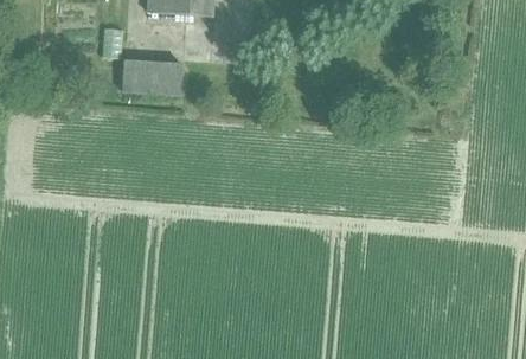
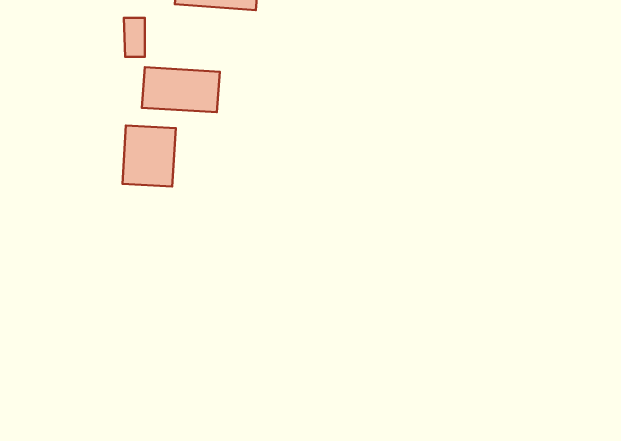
building: none -> [122,125,176,187]

